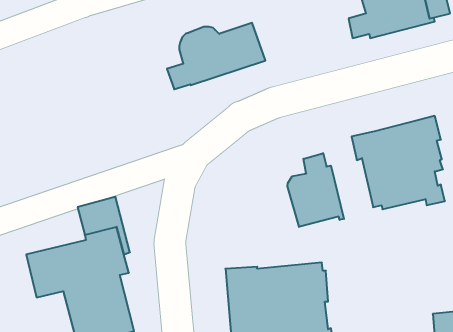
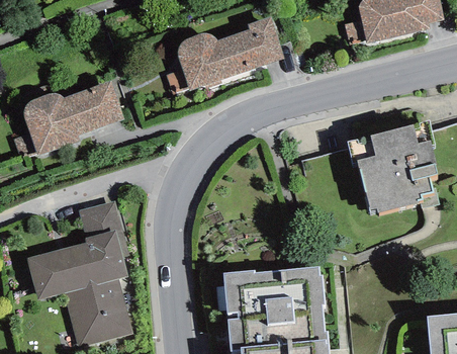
building: none -> [247,17,283,66]
building: none -> [13,80,123,157]
building: [287,153,344,227] -> none

